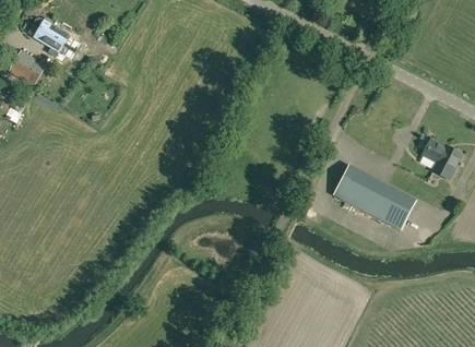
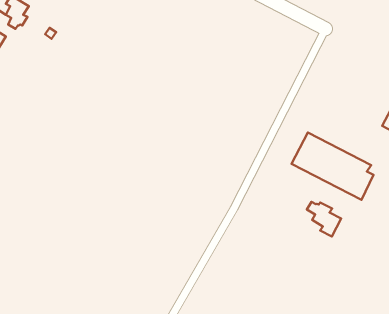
building: none -> [307,202,341,236]

